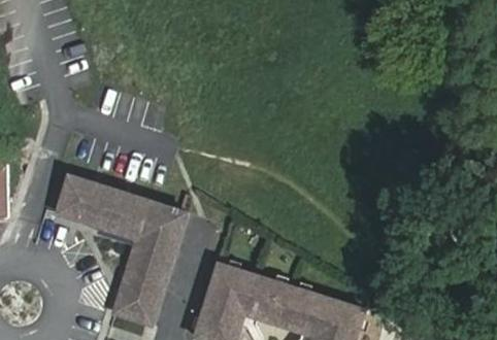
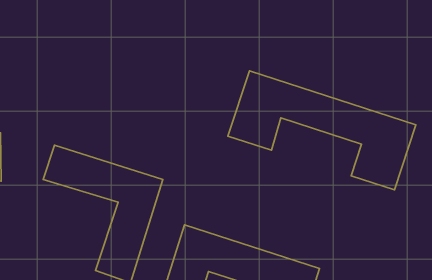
building: none -> [228,71,416,190]

